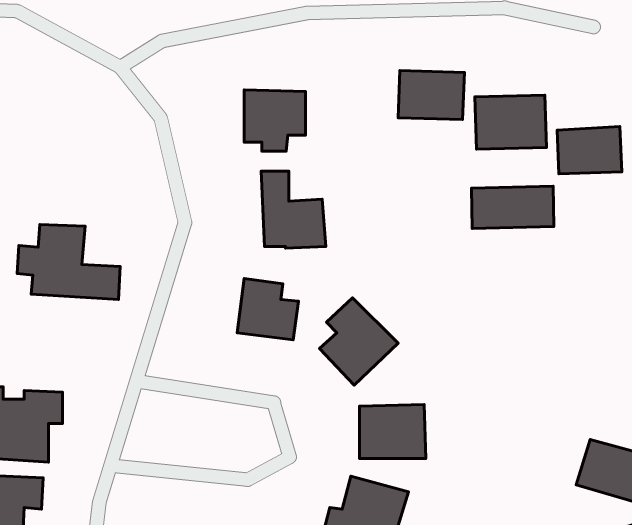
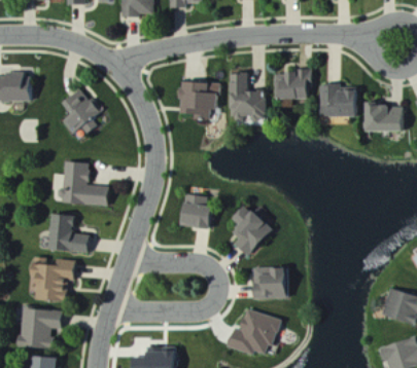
building: none -> [59,87,102,134]
building: [261,171,326,248] -> [225,73,264,118]
building: [472,186,554,229] -> none
building: none -> [47,213,91,252]

